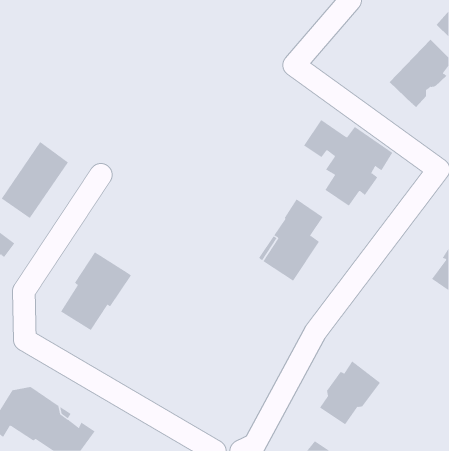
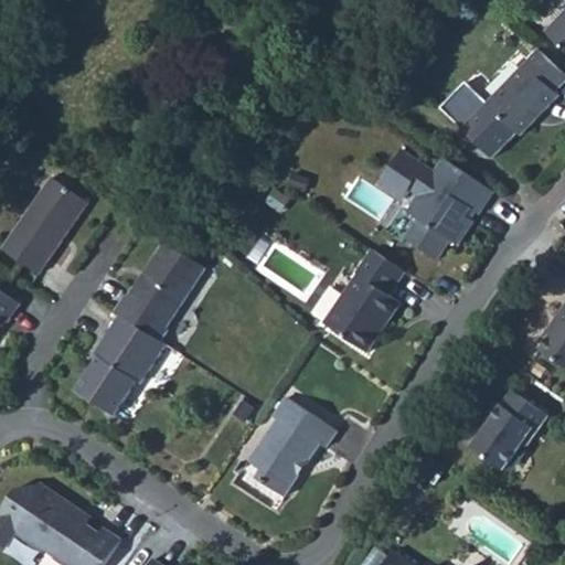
building: none -> [436,81,514,157]
building: none -> [114,241,204,341]
building: none -> [248,396,335,495]
building: [319,361,381,425] -> [470,388,547,469]

